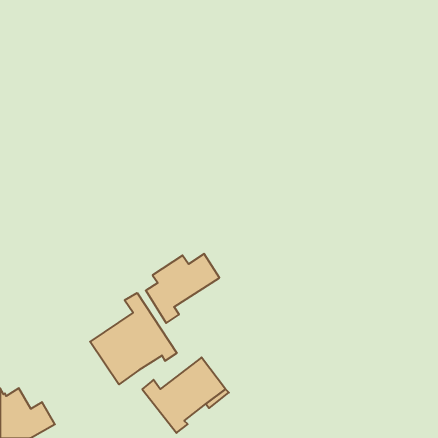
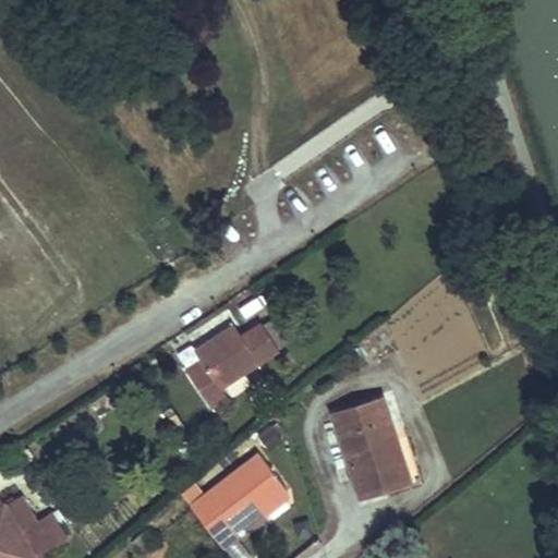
building: [90,293,177,384] -> none
building: none -> [329,396,422,501]

